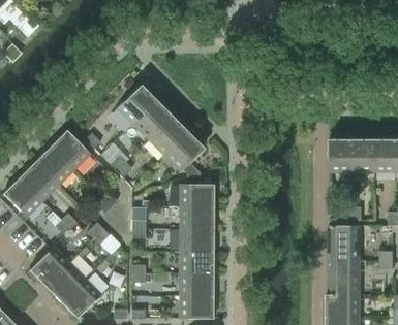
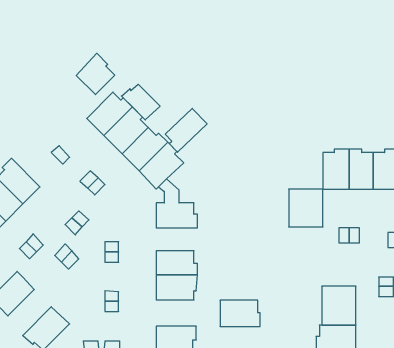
building: none -> [76,53,115,95]
building: none -> [121,84,160,120]
building: none -> [165,108,207,152]
building: [48,130,90,170] -> none
building: [179,207,216,228] -> none
building: [329,226,360,260] -> [289,189,323,227]
building: [44,263,84,304] -> none
building: [179,272,215,296] -> [220,300,260,326]

